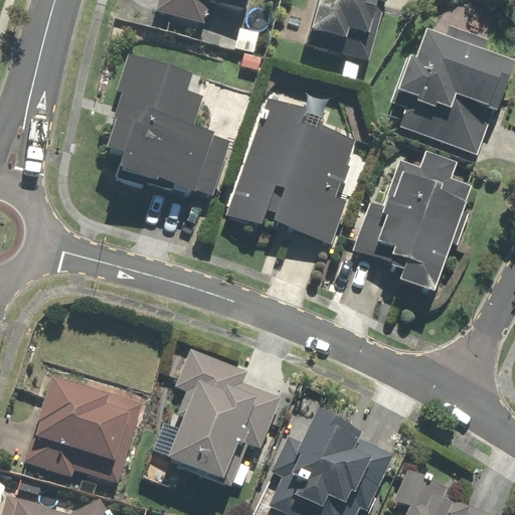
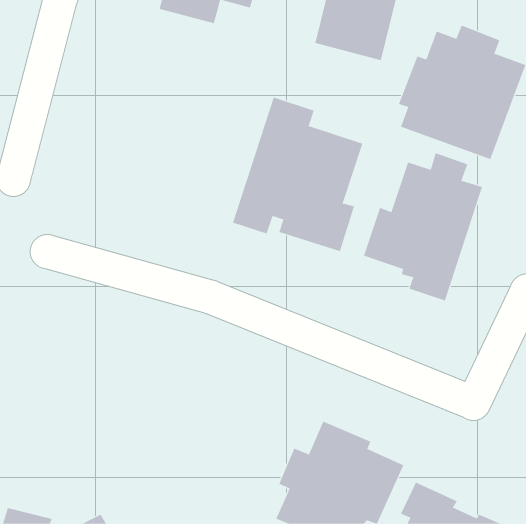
building: [105,54,230,200] -> none
building: [167,347,282,483] -> none
building: [24,376,142,484] -> none

